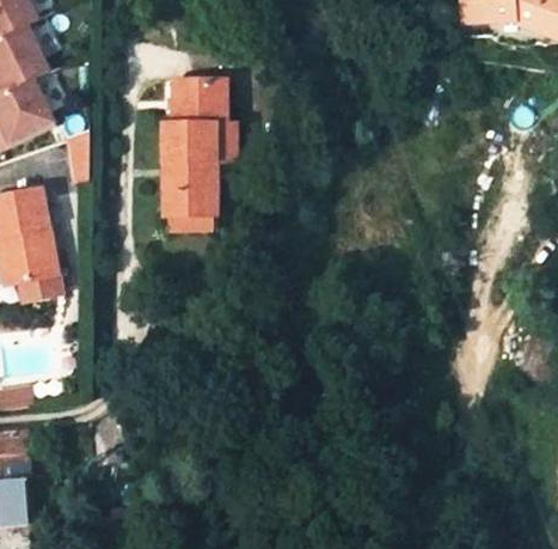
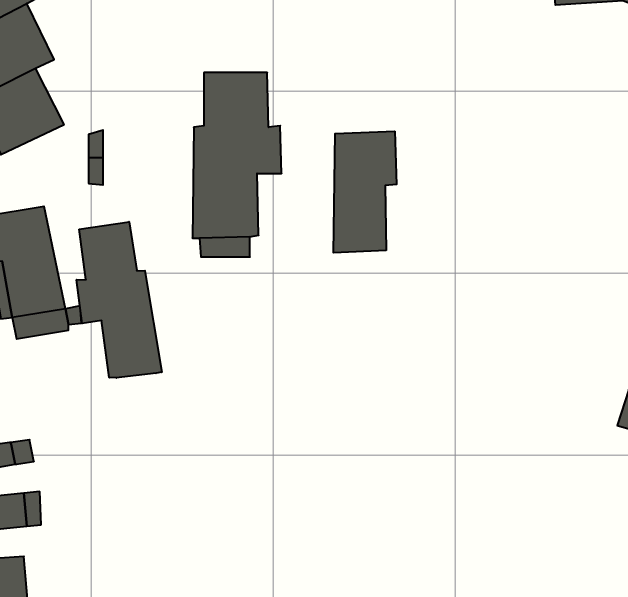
building: none -> [333,131,397,253]
building: none -> [77,222,162,378]

